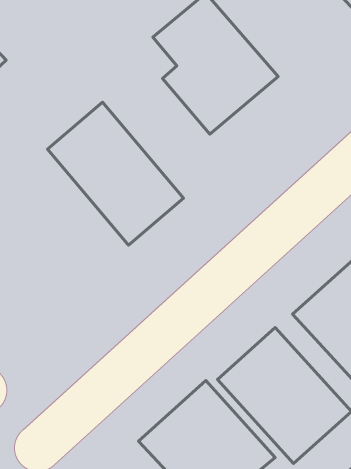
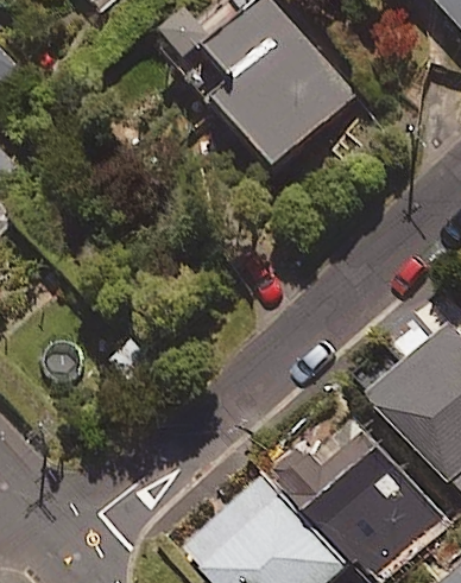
building: [47,102,184,245] -> none

